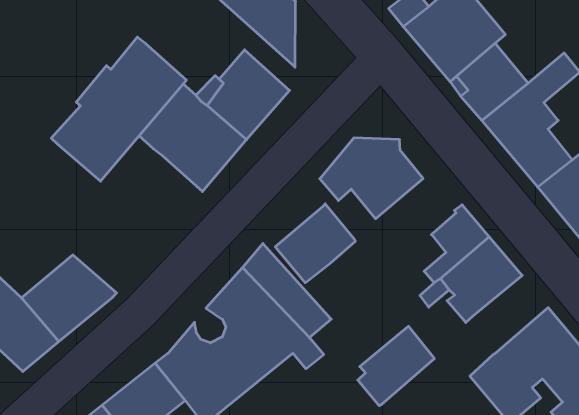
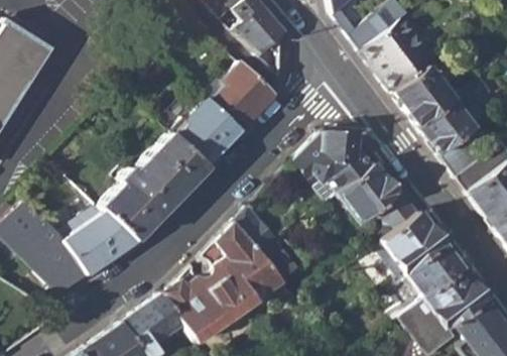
building: [51,37,186,181] -> [103,132,207,239]
building: [275,204,355,283] -> [336,163,396,222]
building: [358,326,434,406] -> [403,242,462,301]

